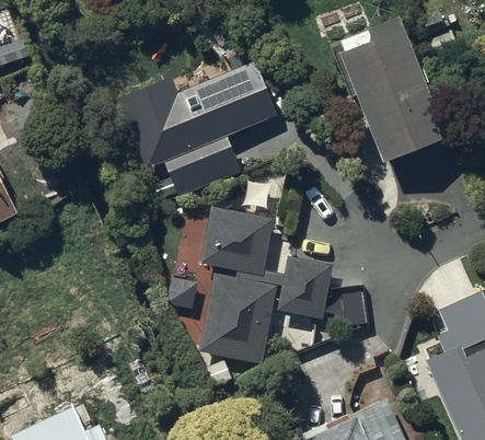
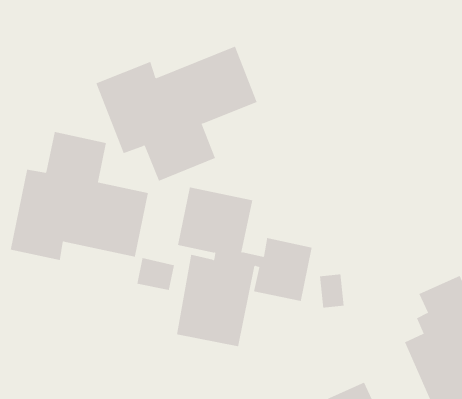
building: [342,24,449,170] -> none
building: none -> [10,131,149,261]

